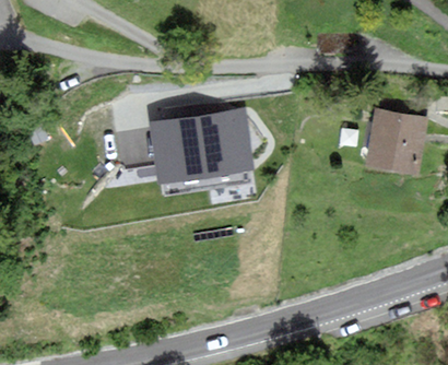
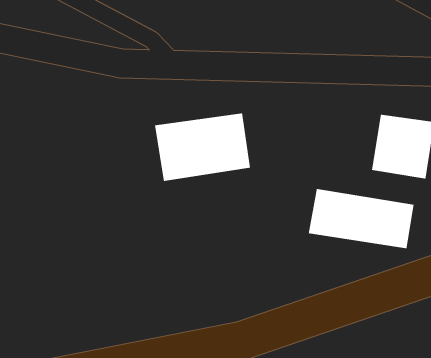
building: none -> [308,188,414,249]

